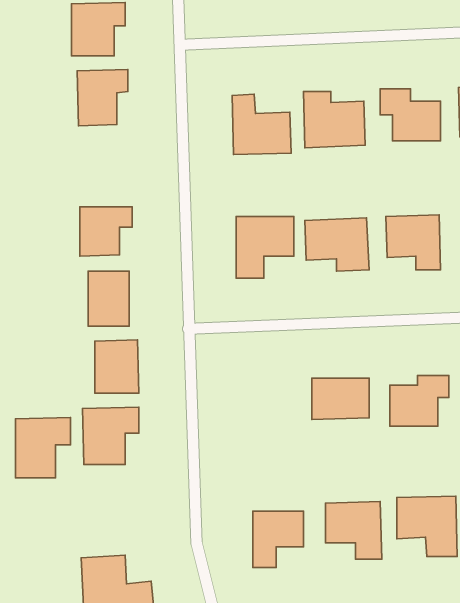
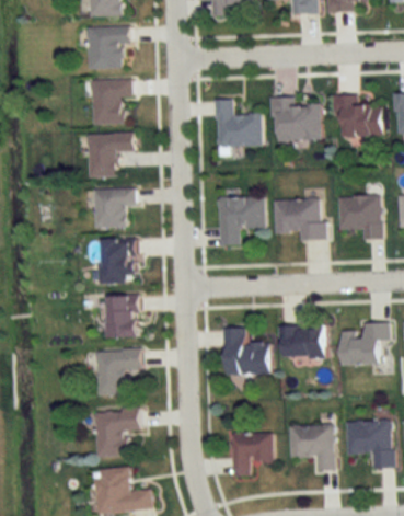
building: none -> [88,133,134,176]
building: none -> [223,326,269,374]
building: [16,417,70,478] -> [96,408,140,456]

